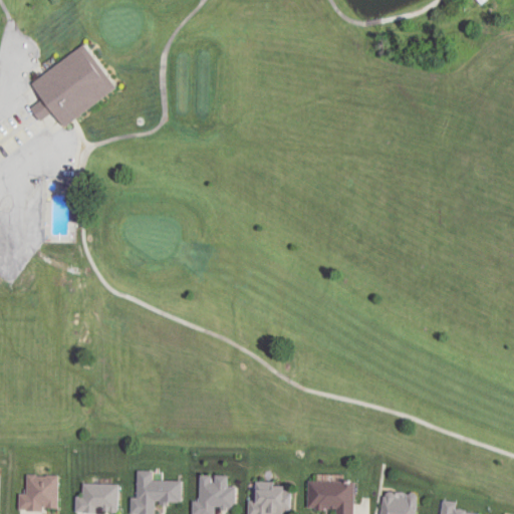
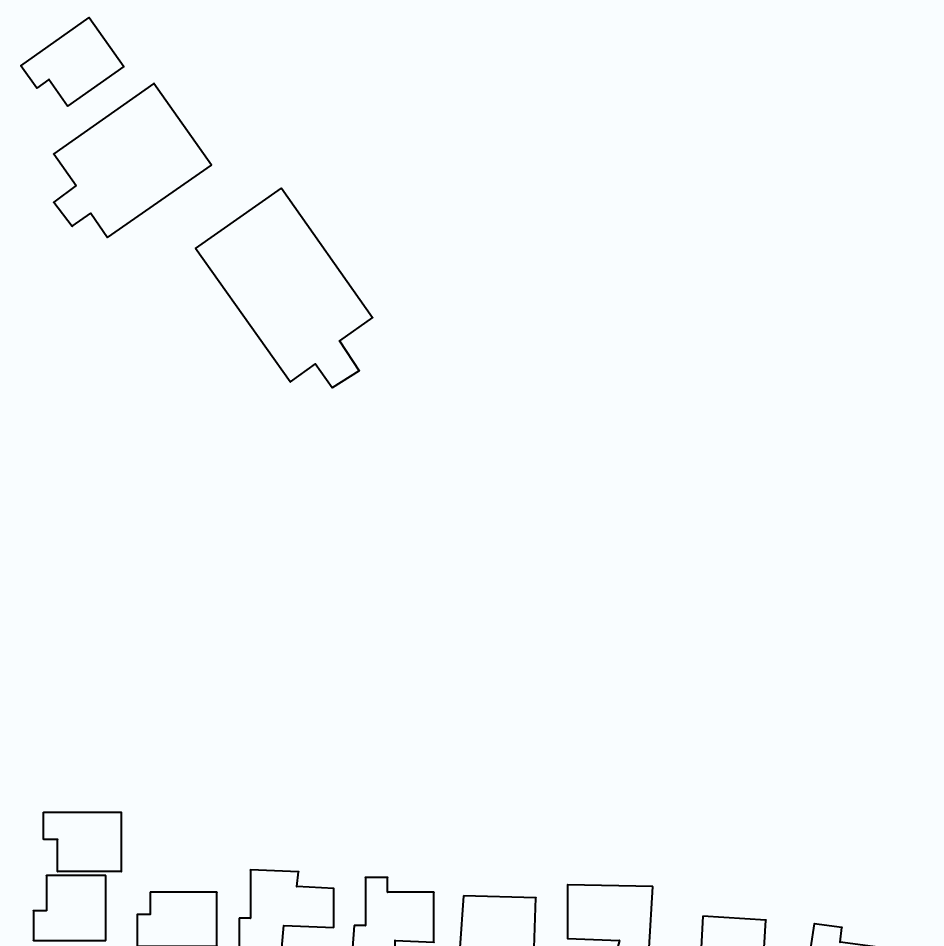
building: none -> [21,18,124,106]
building: none -> [196,188,373,388]
building: none -> [44,812,121,872]

